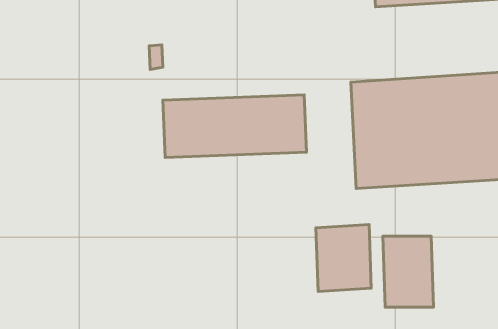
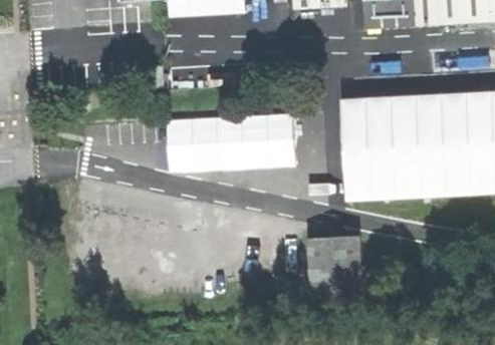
building: [383,236,433,307] -> none

